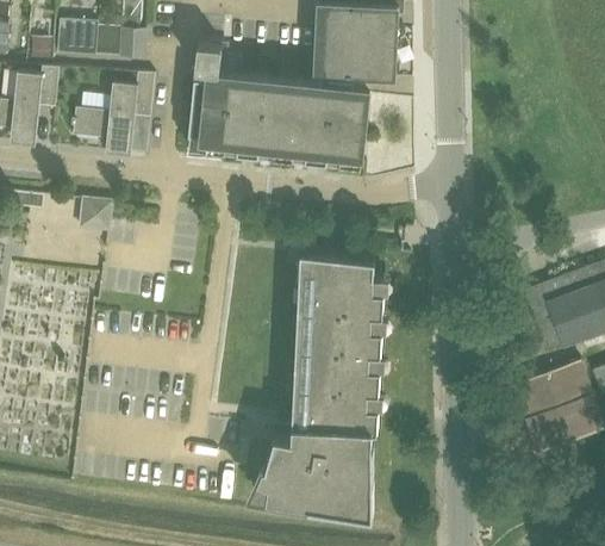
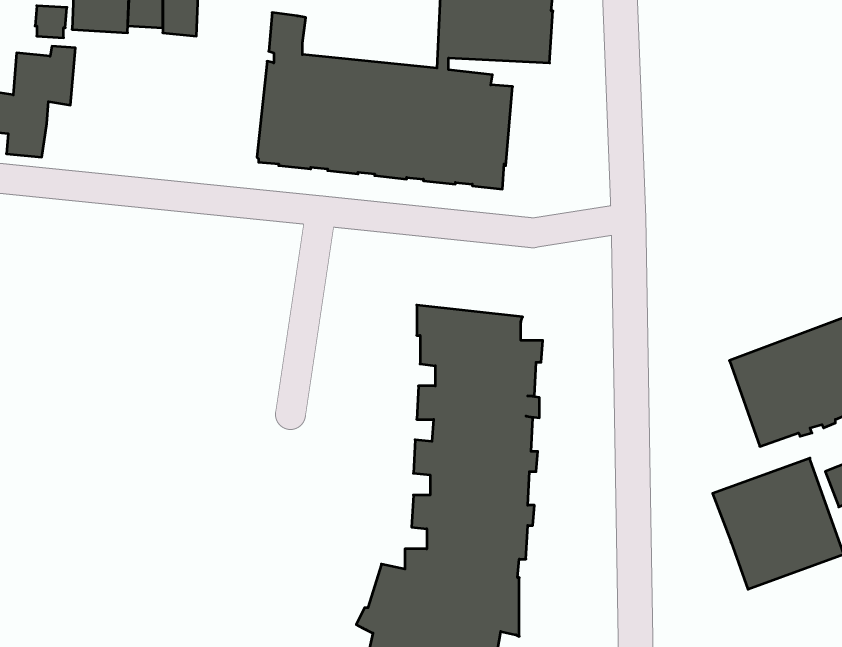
building: [70,74,154,157] -> none
building: [77,200,111,232] -> none

